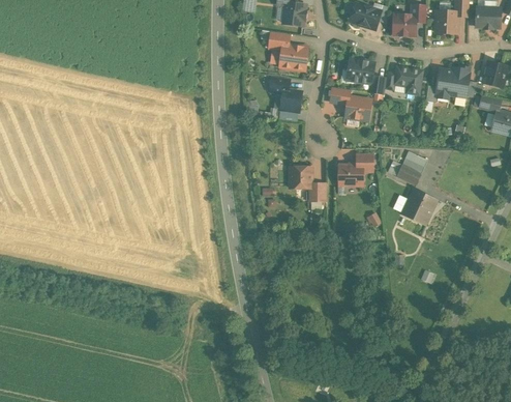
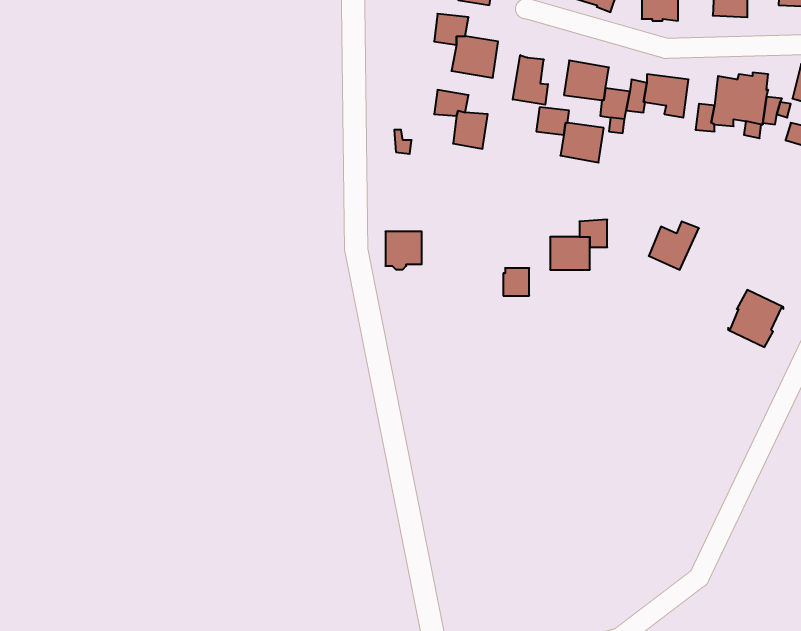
building: none -> [513,55,548,105]
building: [290,167,311,190] -> [385,231,422,269]
building: [402,190,435,224] -> [728,290,783,347]

